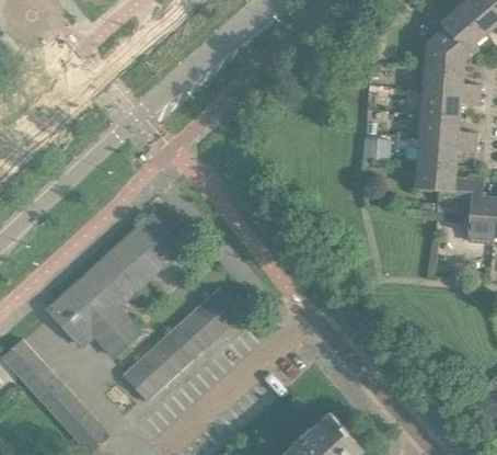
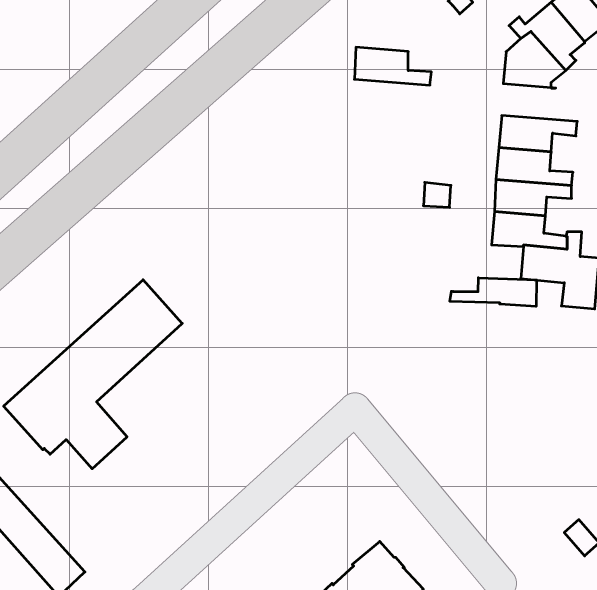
building: [421,67,479,95] -> [354,47,431,85]
building: none -> [450,278,537,306]
building: [123,288,242,401] -> none

